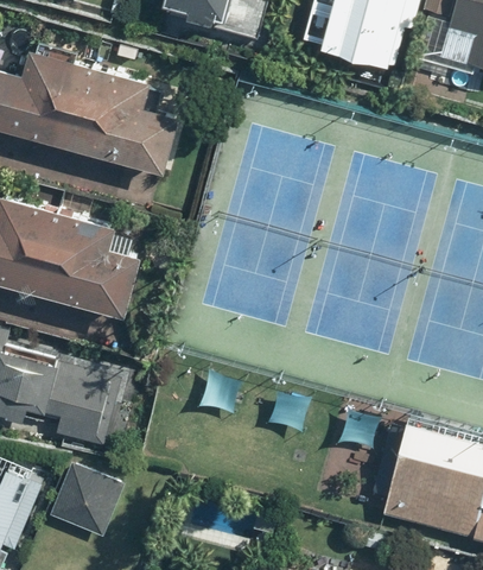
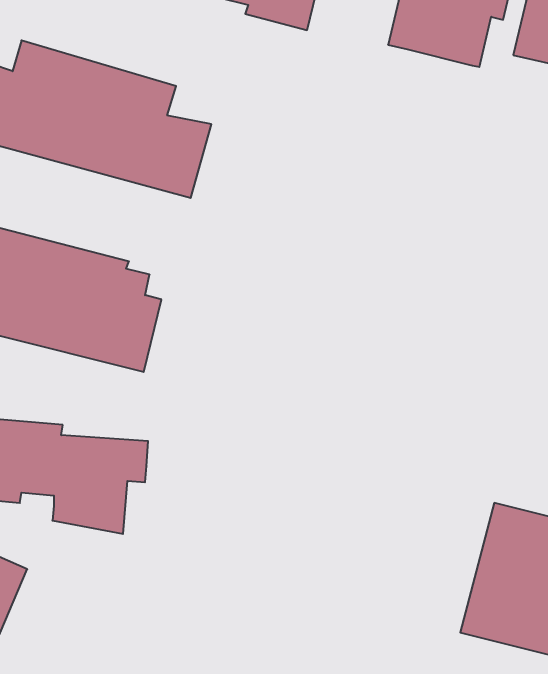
building: [46,461,123,536] -> none

